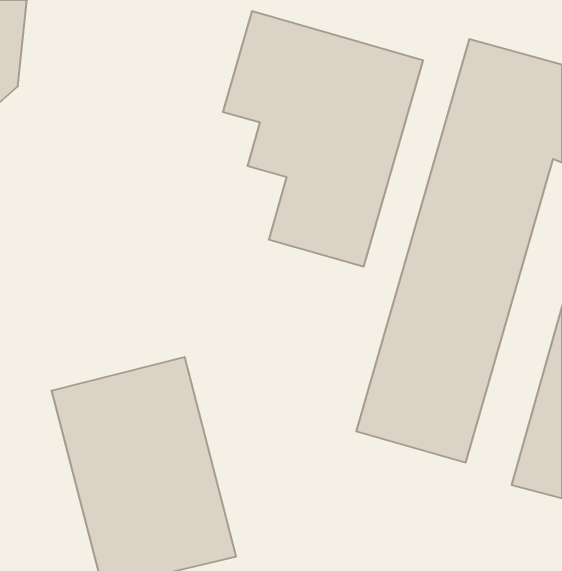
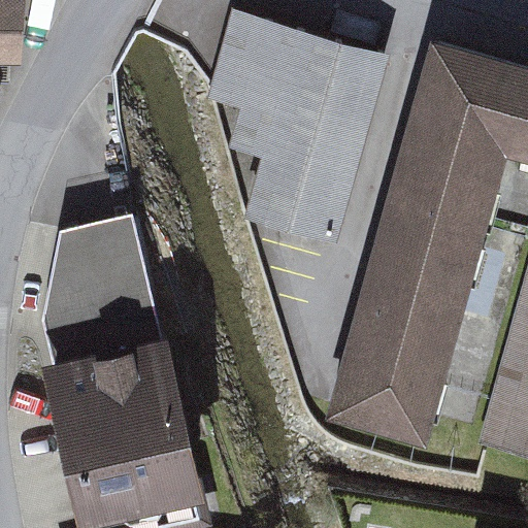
building: none -> [41,222,161,346]

